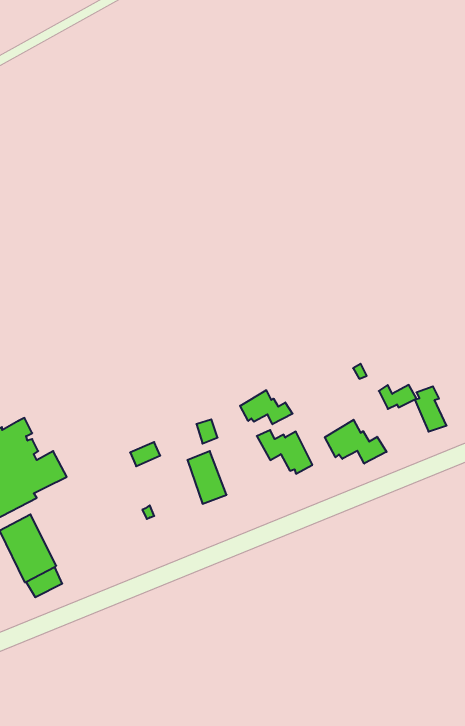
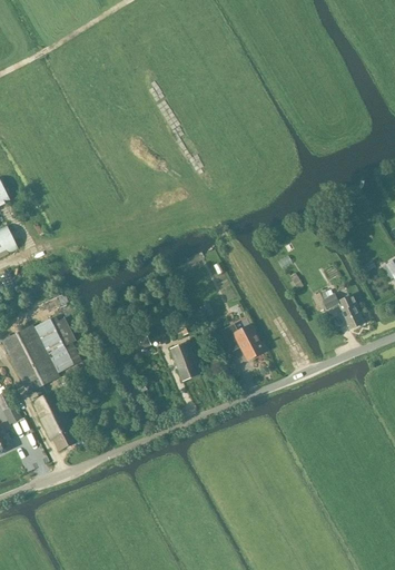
building: [240,390,293,424] -> none
building: [325,420,387,464] -> none

